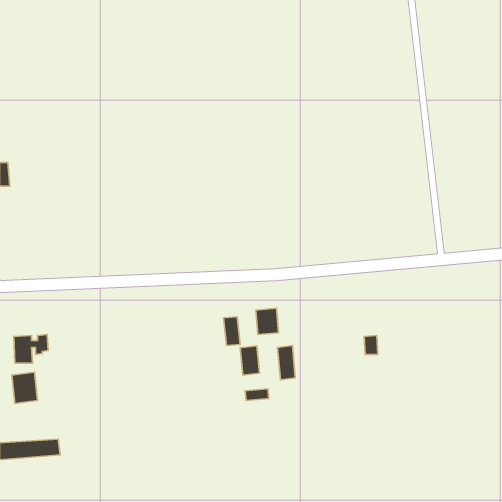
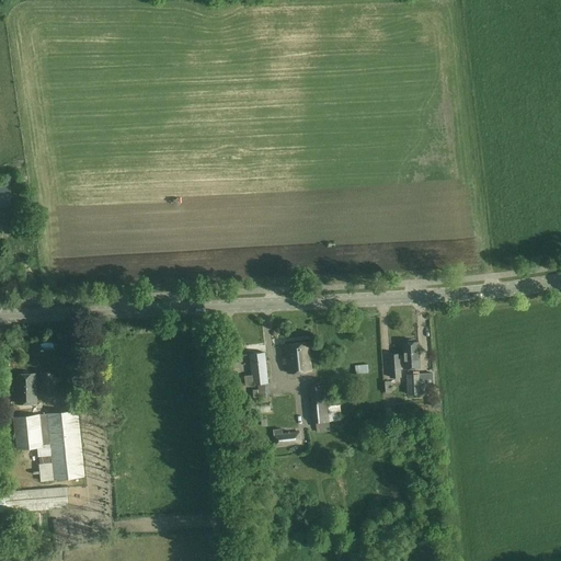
building: none -> [389,341,417,379]
building: [240,346,259,375] -> none
building: none -> [47,412,82,480]

